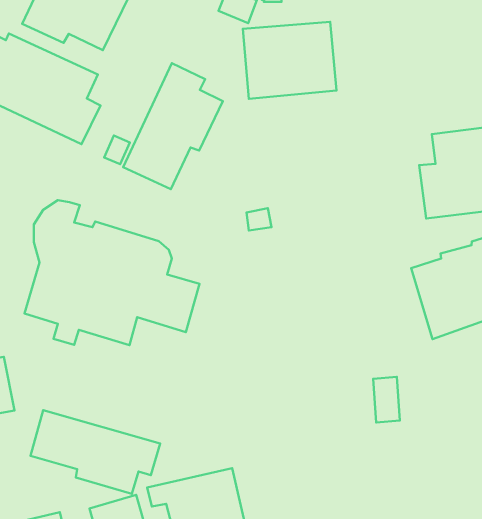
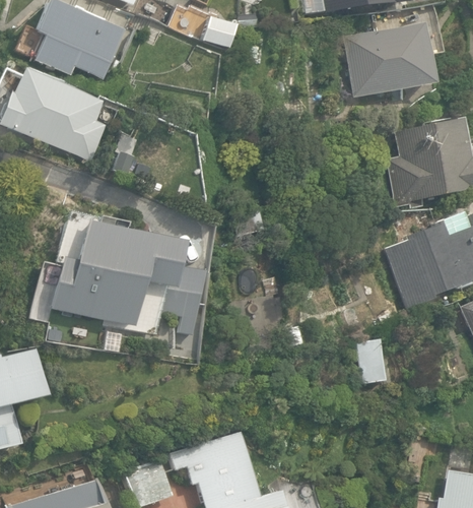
building: [243,22,336,99] -> [345,26,429,98]
building: [123,63,223,189] -> none
building: [30,410,160,494] -> none

